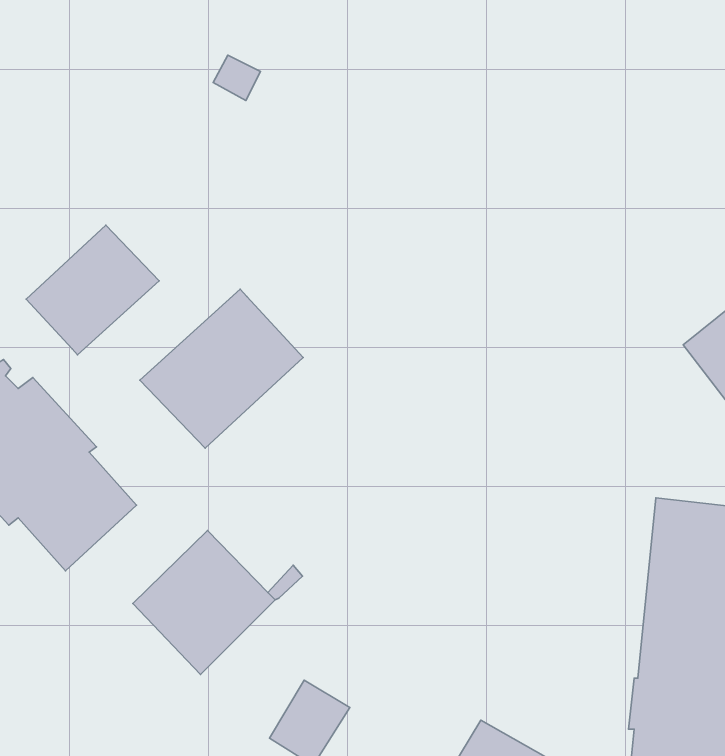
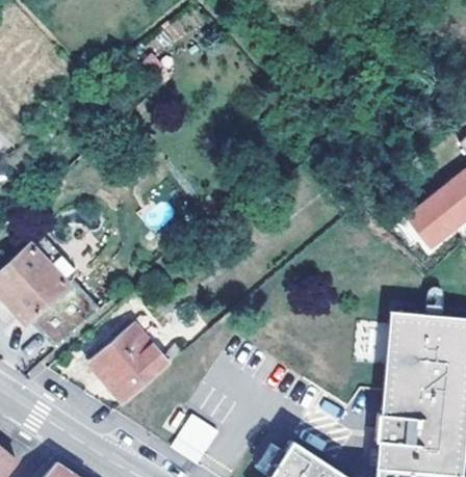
building: [26,225,159,355] -> none
building: [140,289,303,448] -> none

